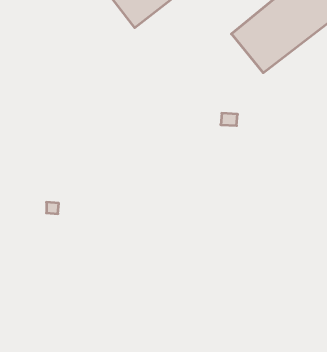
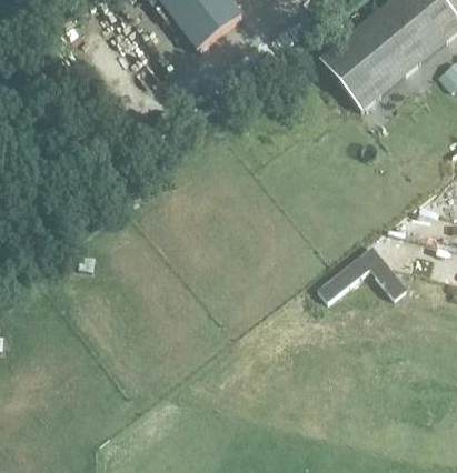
building: none -> [318,245,408,302]

